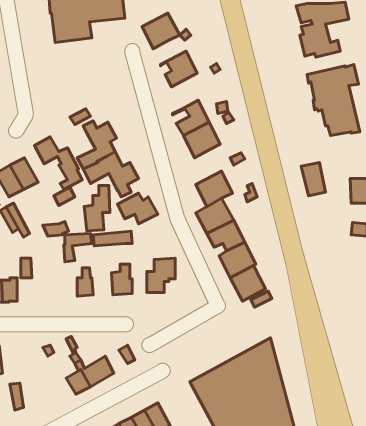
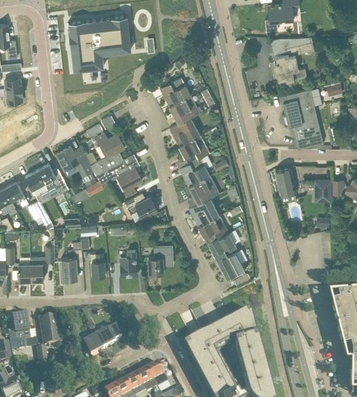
building: [142,13,180,49] -> [169,94,200,123]
building: none -> [179,156,210,185]
building: [84,186,110,231] -> [61,241,82,278]
building: none -> [40,317,61,345]

